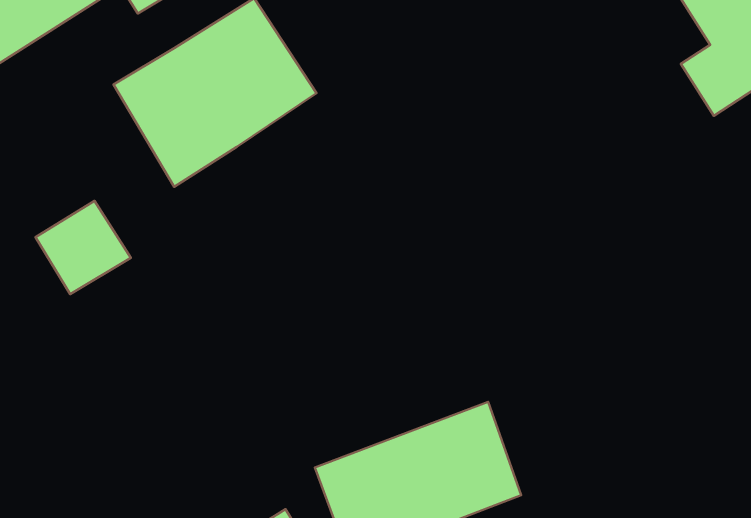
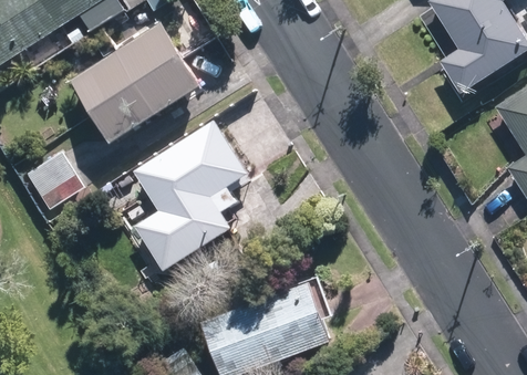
building: none -> [135,117,252,270]

